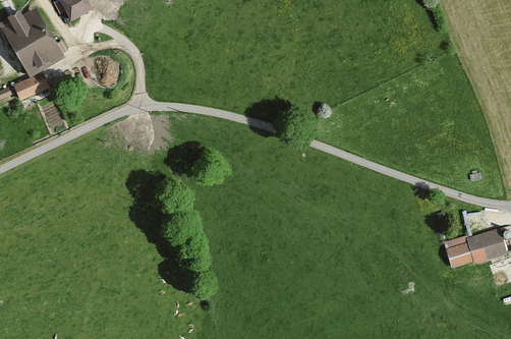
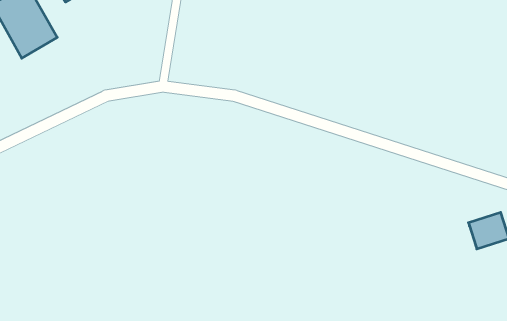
building: [13,72,49,100] -> none
building: [445,241,473,268] -> none

